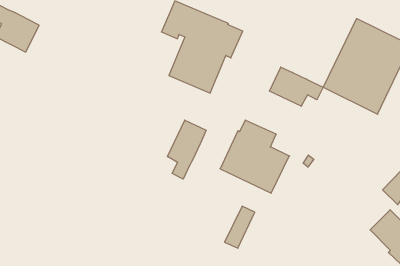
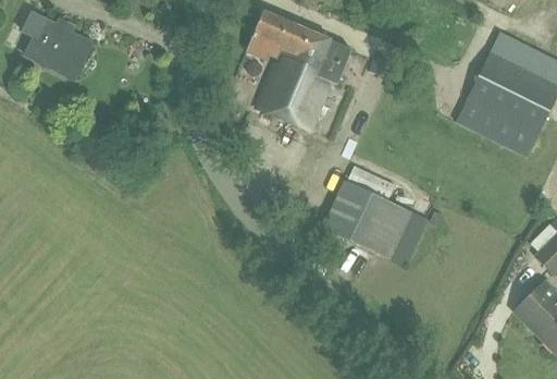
building: [269,67,323,106] -> none
building: [167,120,206,179] -> none
building: [225,206,255,248] -> [388,212,428,267]

